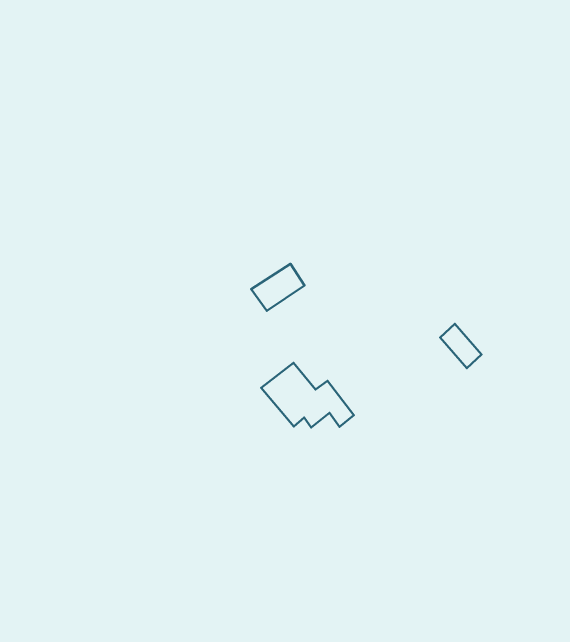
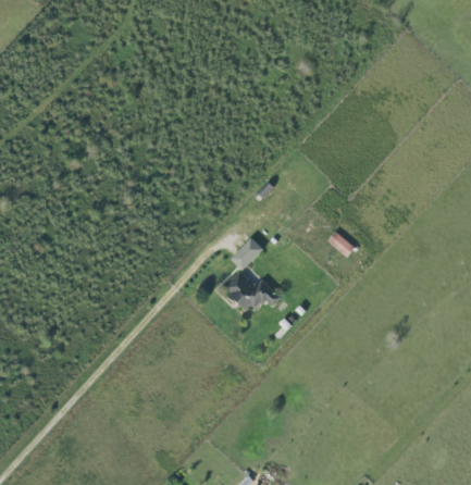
building: [251,264,304,311] -> [232,237,264,269]

